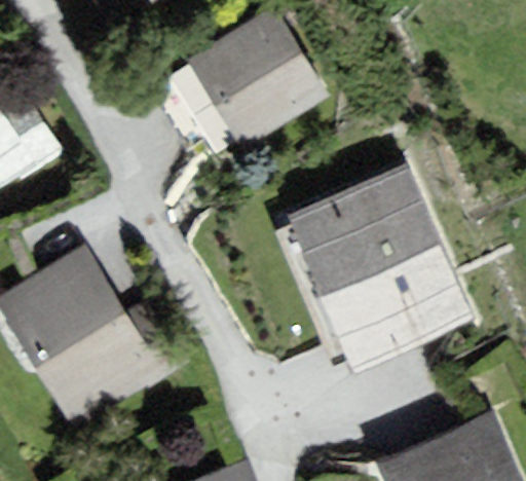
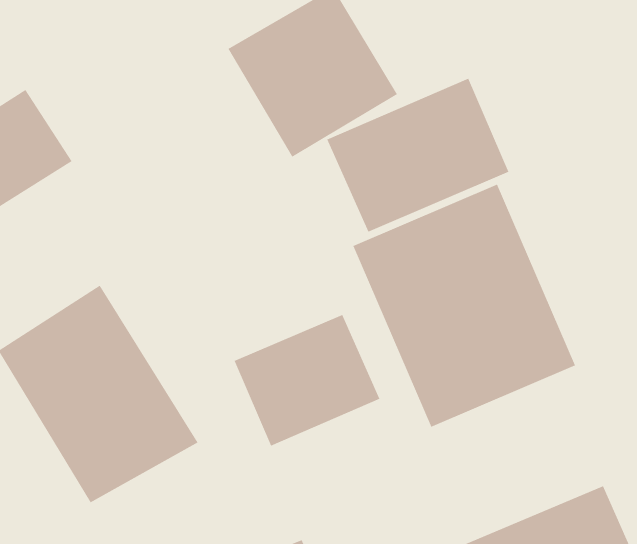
building: none -> [326,78,509,233]
building: none -> [234,314,380,446]

